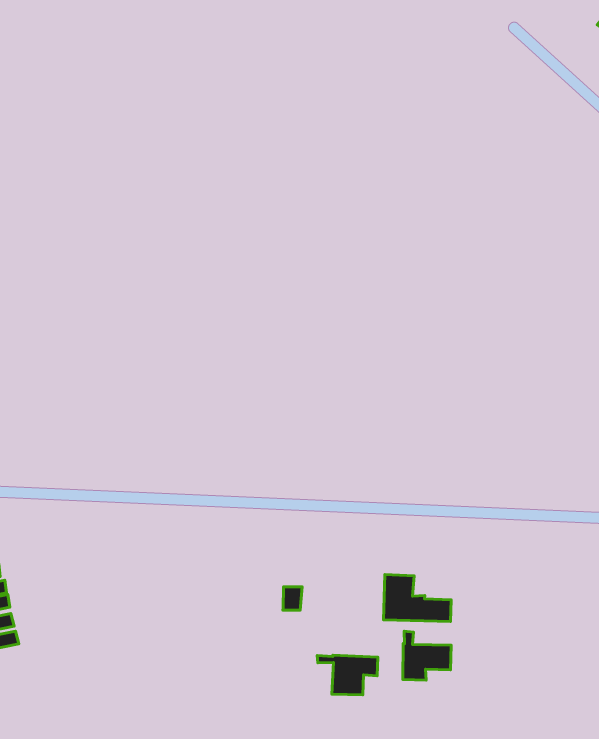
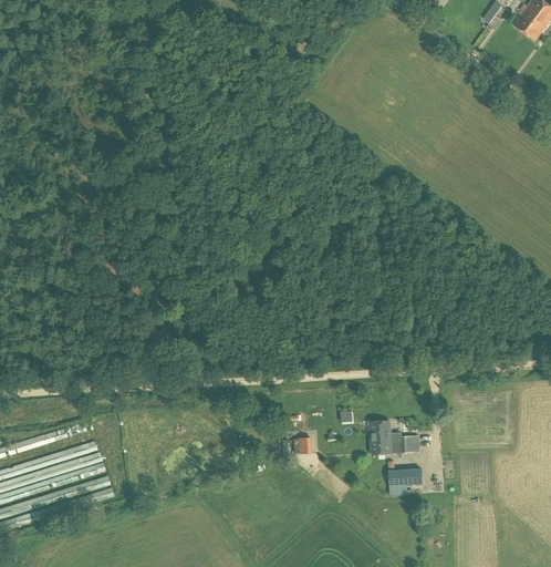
building: [317,655,378,695] -> none

